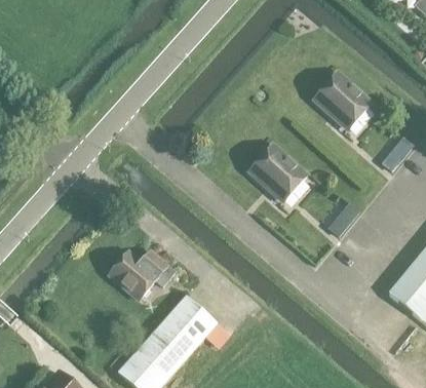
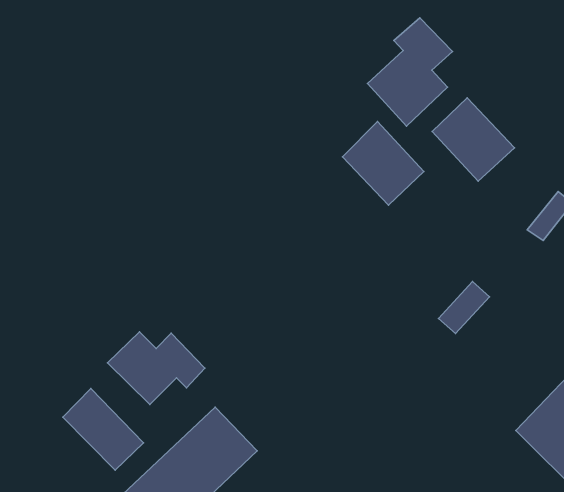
building: none -> [368,18,452,126]
building: [250,145,306,200] -> [342,122,424,205]
building: none -> [63,389,144,470]

